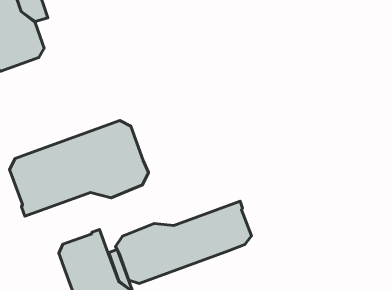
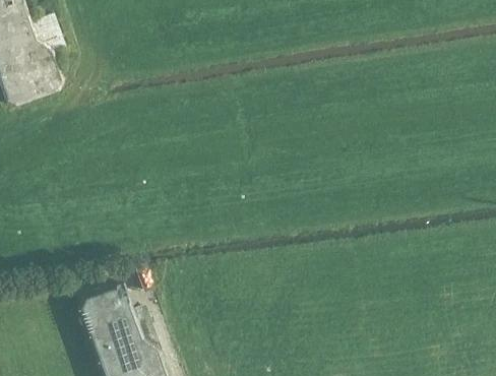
building: [9,120,149,216] -> none
building: [115,201,251,284] -> none

